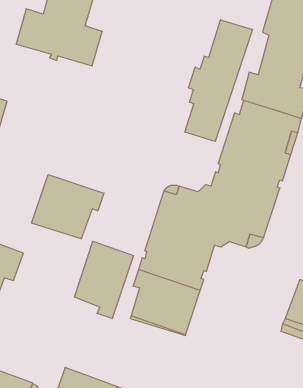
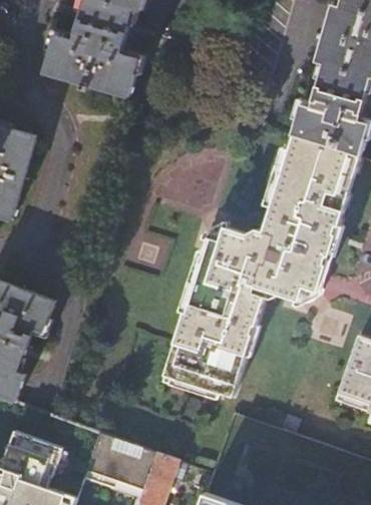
building: [185,20,252,141] -> none
building: [32,175,104,239] -> none
building: [75,241,134,319] -> none

